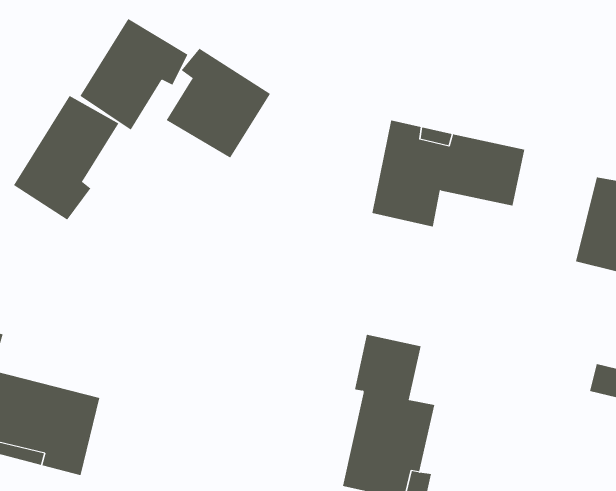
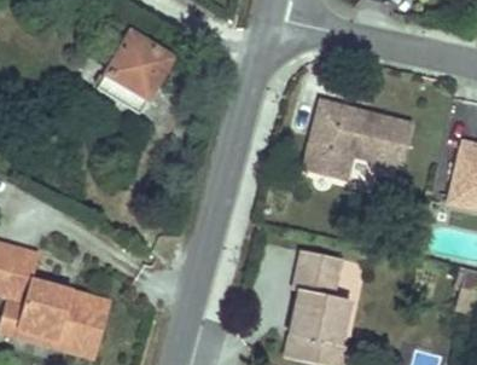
building: [166,48,271,159] -> none
building: [13,95,119,221] -> none

